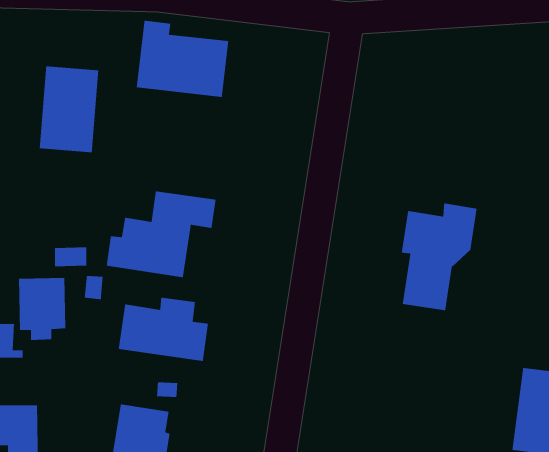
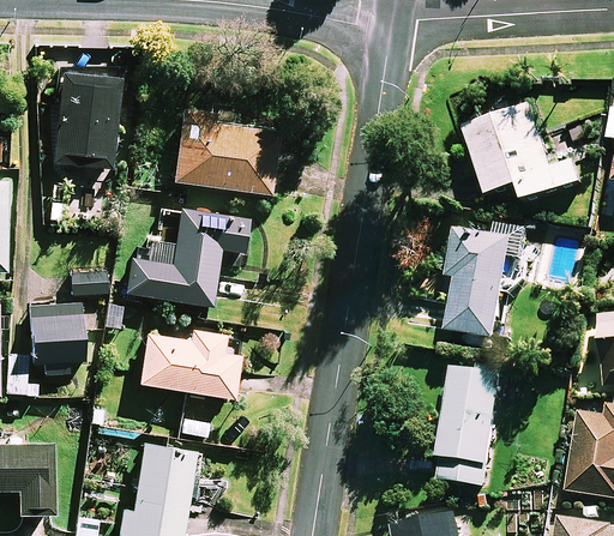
building: [136,20,229,98] -> [174,108,276,193]
building: none -> [465,107,580,204]
building: none -> [437,367,504,489]

